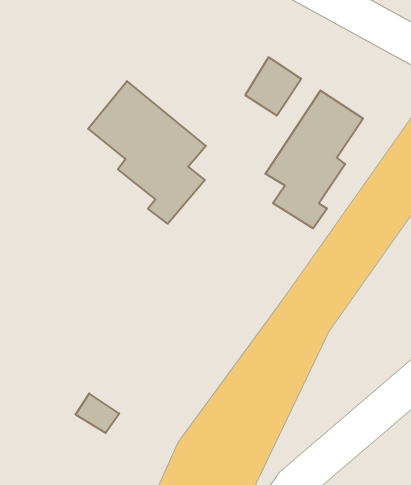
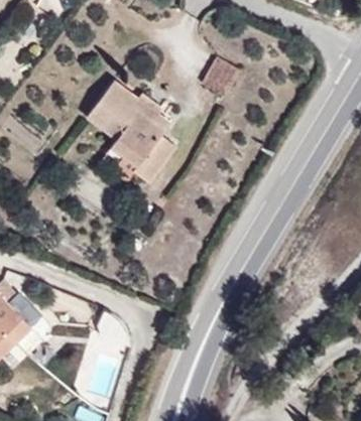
building: [265,90,363,228] -> none

